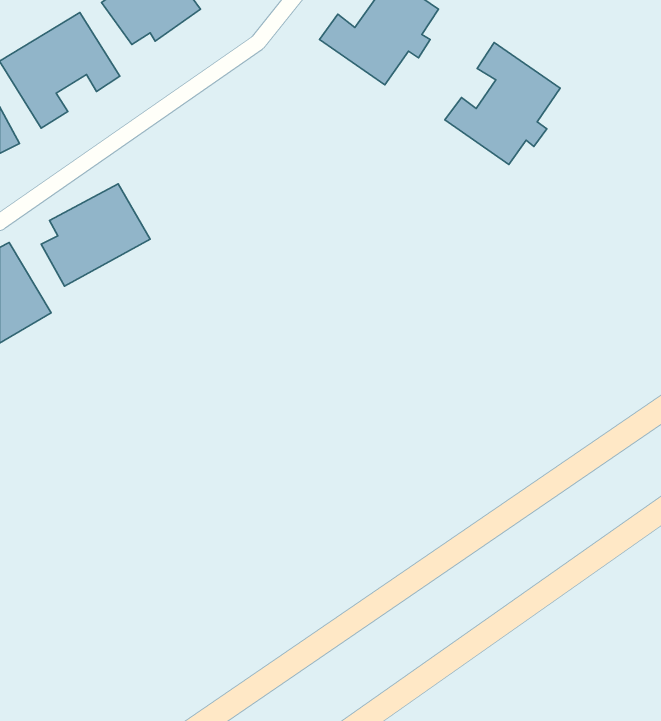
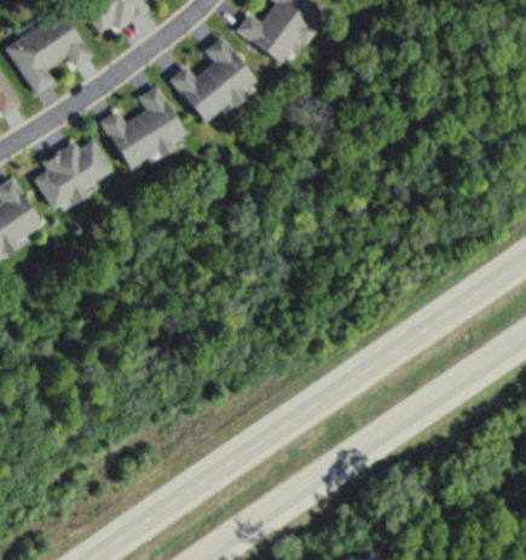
building: [445,43,560,165] -> none
building: none -> [170,37,255,126]
building: none -> [99,86,185,169]

